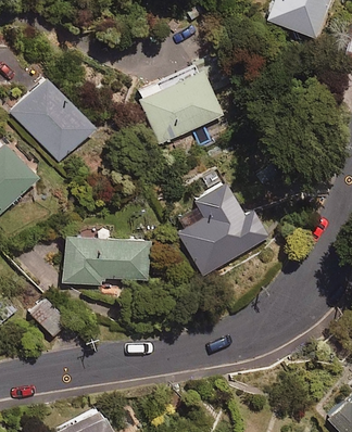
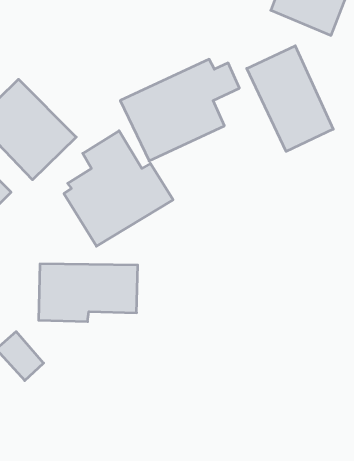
building: none -> [247,46,333,151]
building: [176,178,271,278] -> [64,131,173,246]

